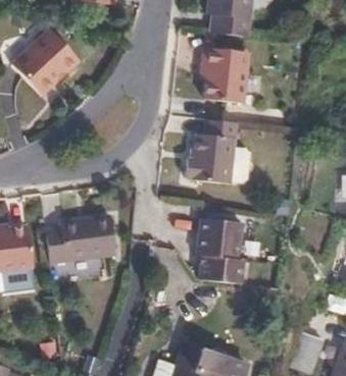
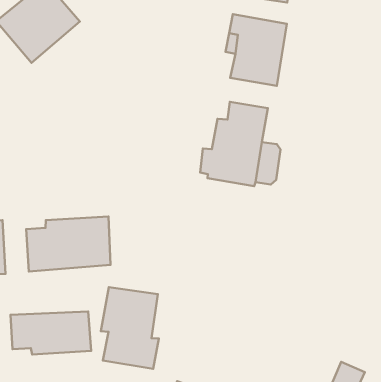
building: [198,218,245,281] -> [101,287,159,369]
building: none -> [10,311,91,354]

